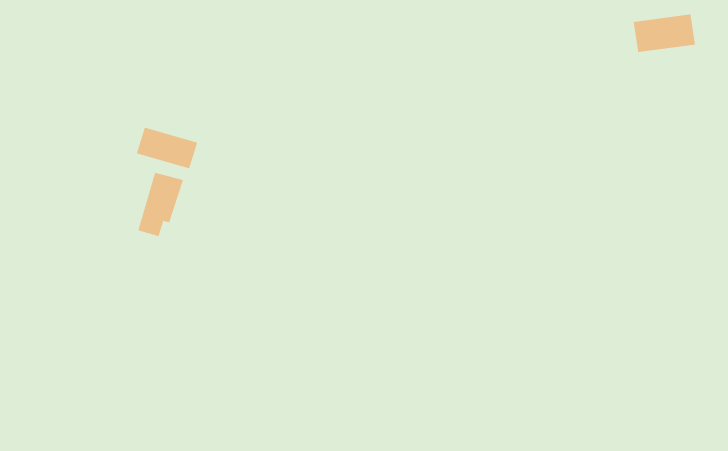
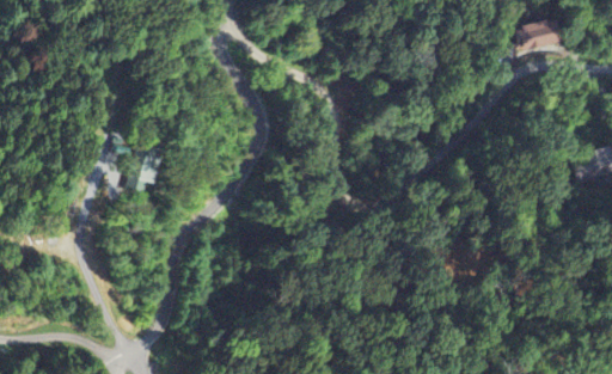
building: [136,127,198,169] -> none

